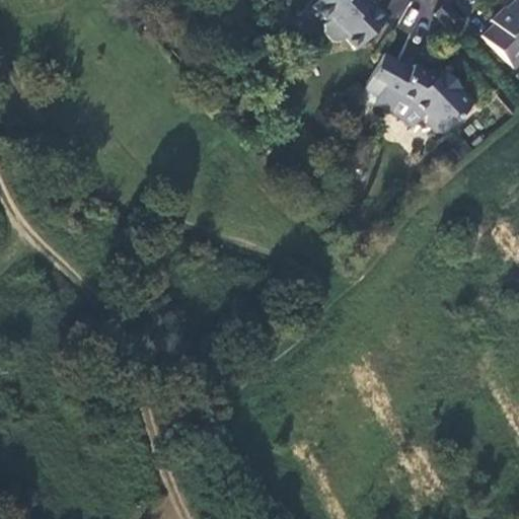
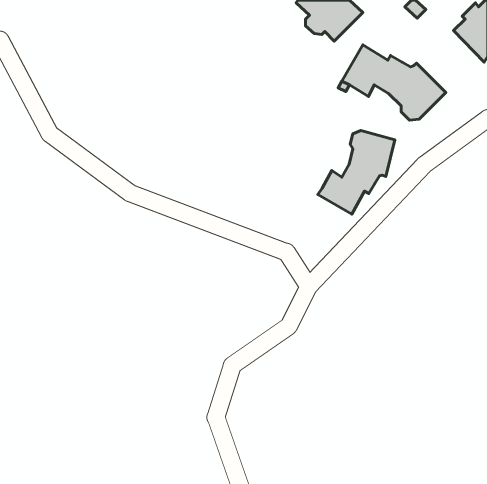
building: none -> [318,130,395,214]

